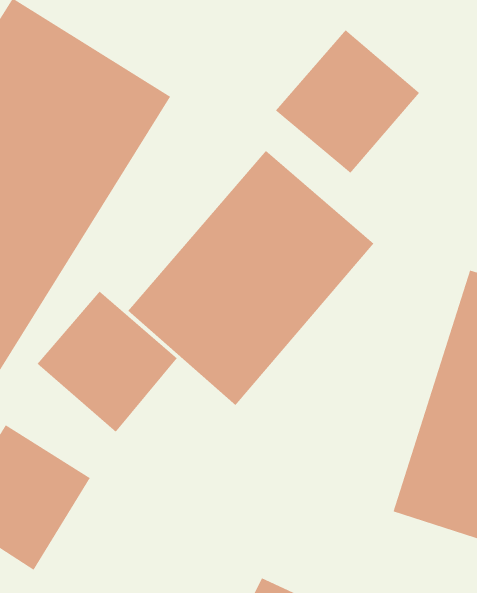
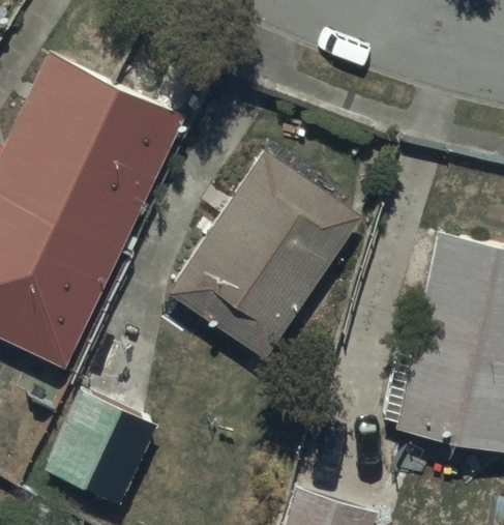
building: [275,29,420,174] -> none
building: [37,290,178,433] -> none

